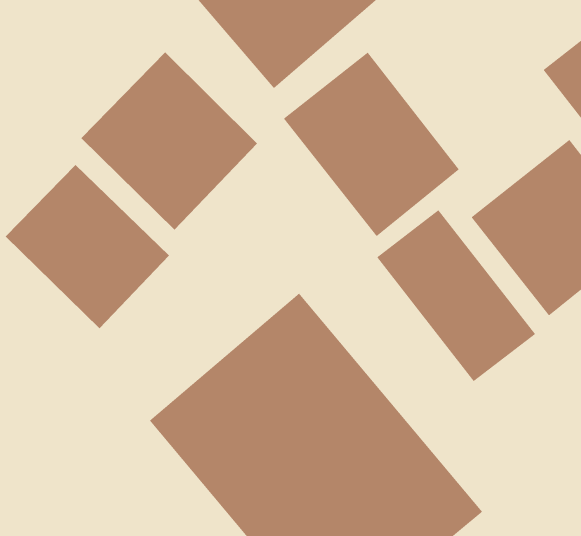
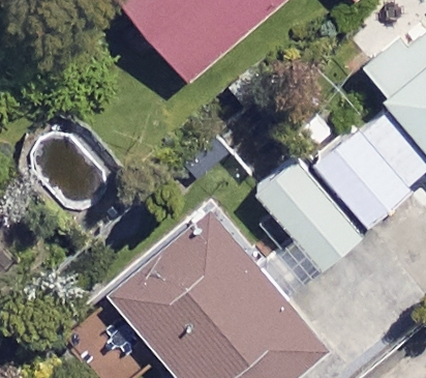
building: [283,51,460,237] -> none
building: [80,51,258,230] -> none

